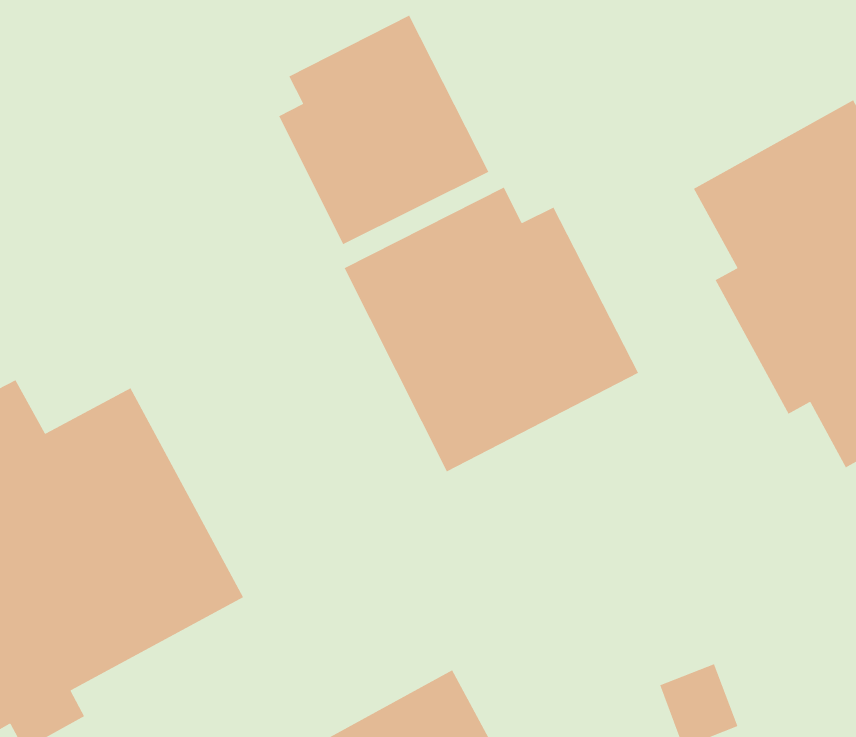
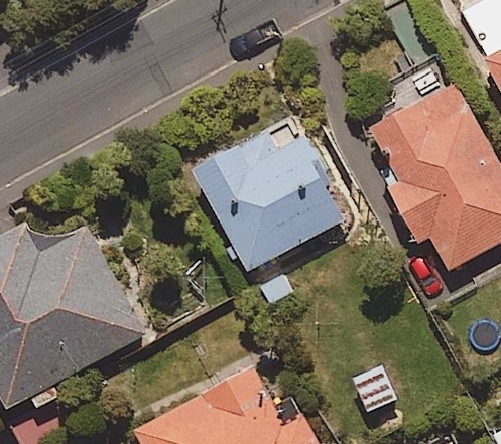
building: [278,15,489,245] -> none

